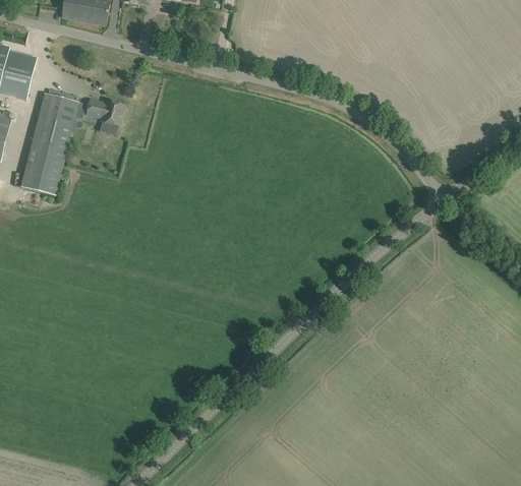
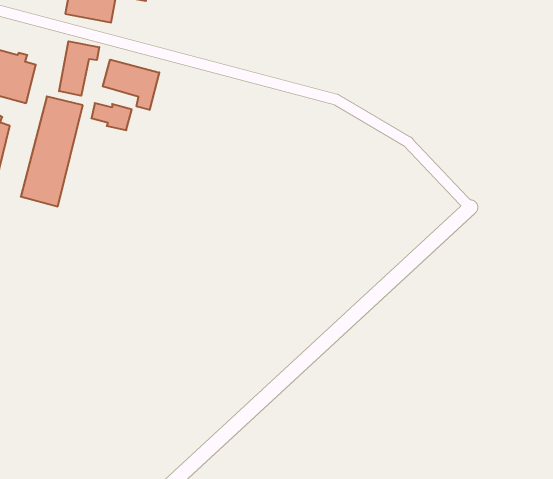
building: none -> [59,41,99,96]
building: none -> [103,60,159,110]

